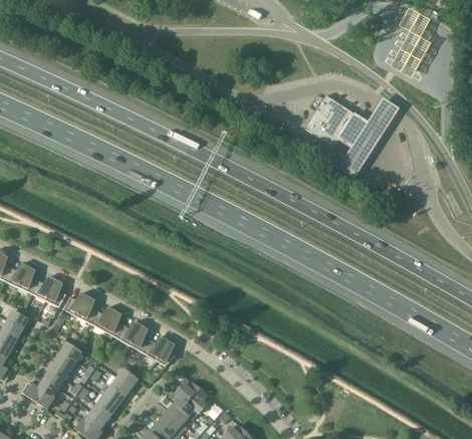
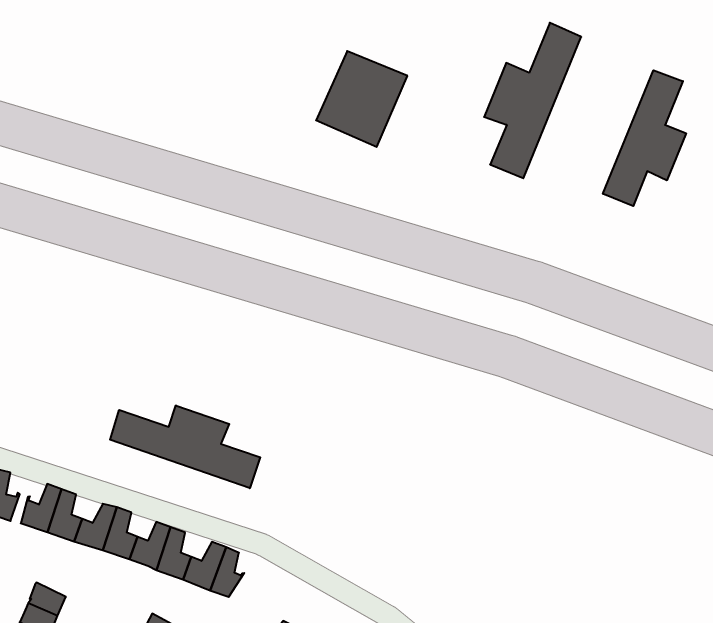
building: [304,94,356,147] -> [316,51,407,147]
building: none -> [603,70,686,206]
building: none -> [110,405,260,488]

